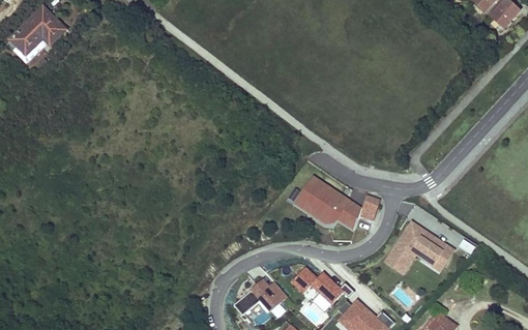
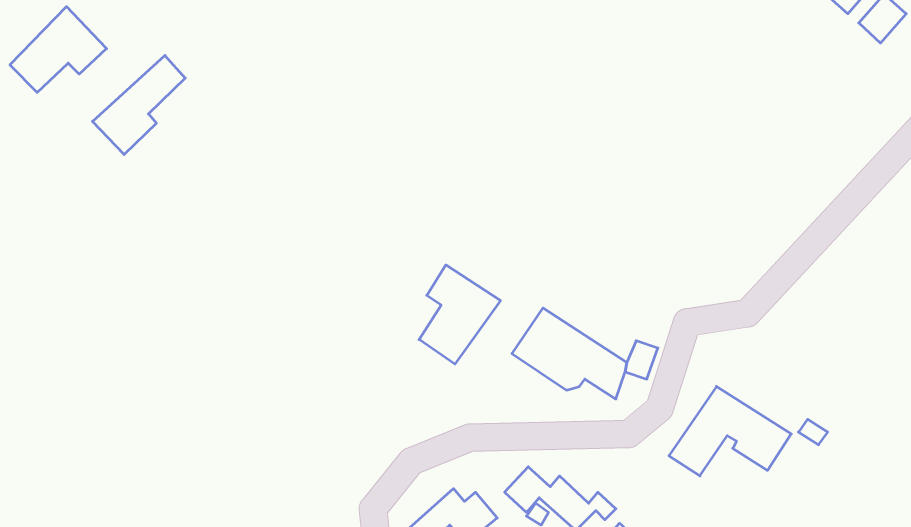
building: none -> [92,55,185,155]
building: none -> [419,265,500,364]

